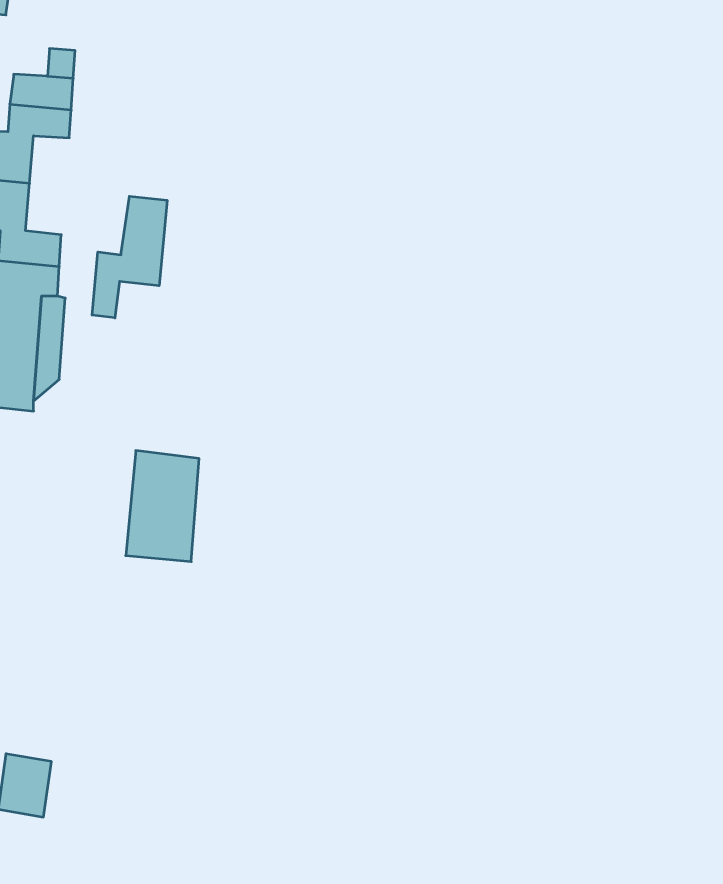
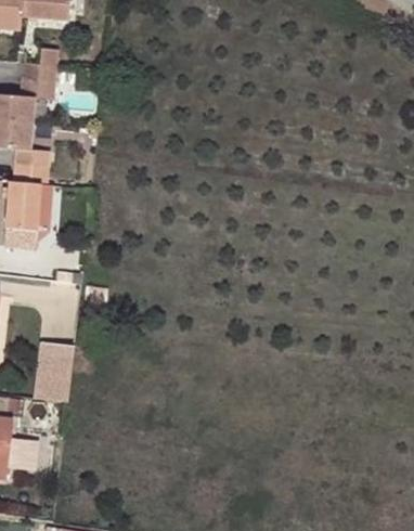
building: [92,196,167,318] -> none
building: [126,451,199,562] -> [37,338,77,399]

